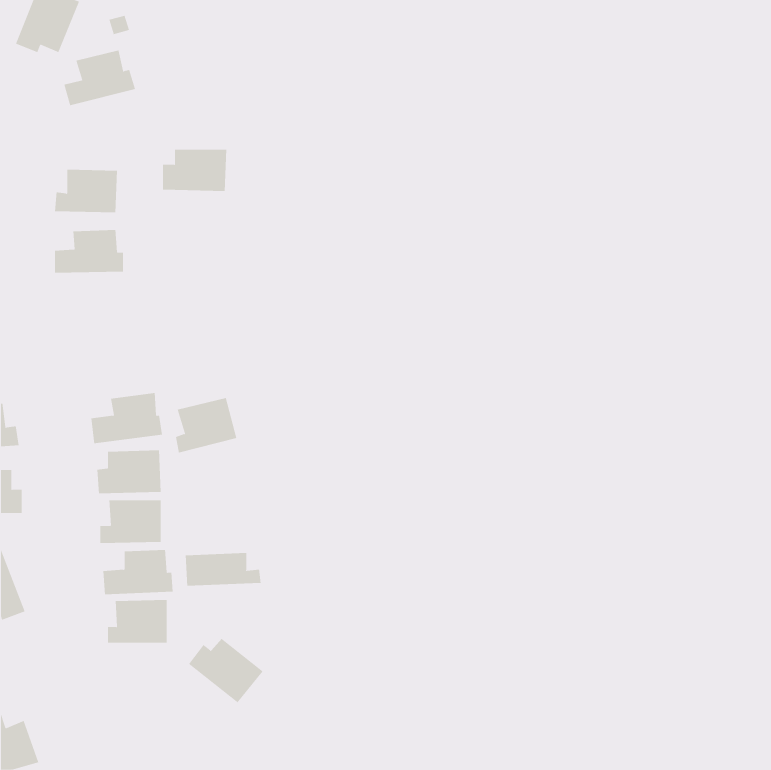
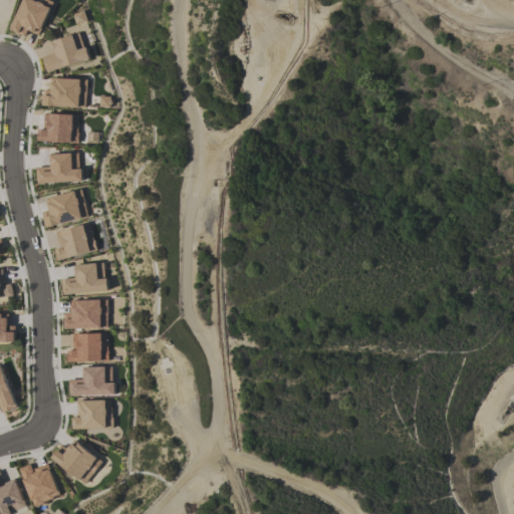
building: [162,149,227,191] -> [43,78,86,106]
building: none -> [42,188,88,227]
building: [175,397,237,453] -> [54,223,95,260]
building: [185,552,261,587] -> none
building: [188,638,264,703] -> [51,440,101,483]
building: none -> [19,463,60,505]

